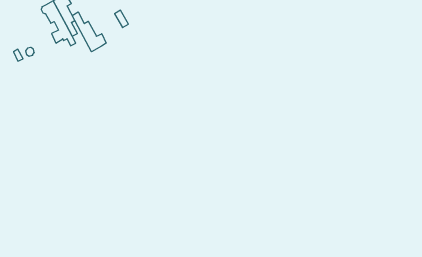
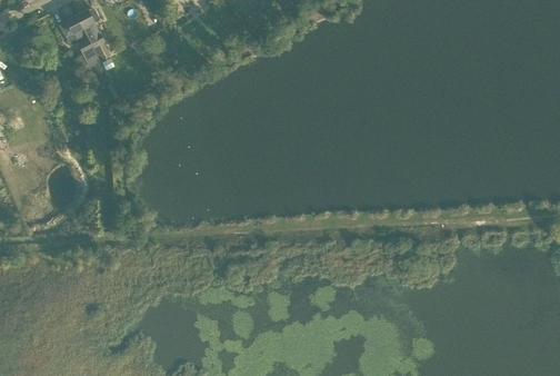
building: [72,12,106,52] -> none

